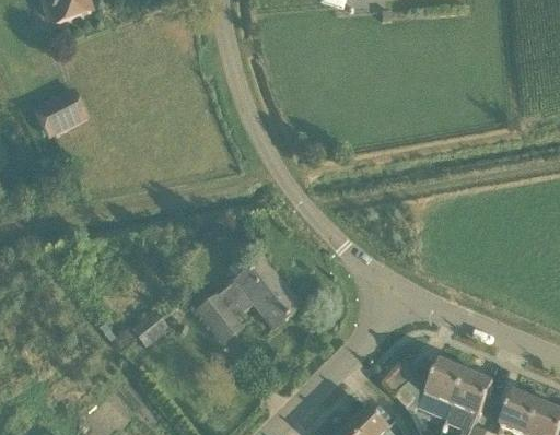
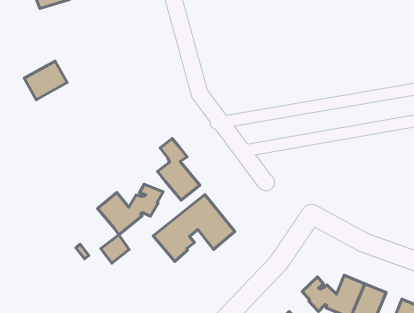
building: none -> [158,139,200,200]
building: none -> [98,184,163,235]

